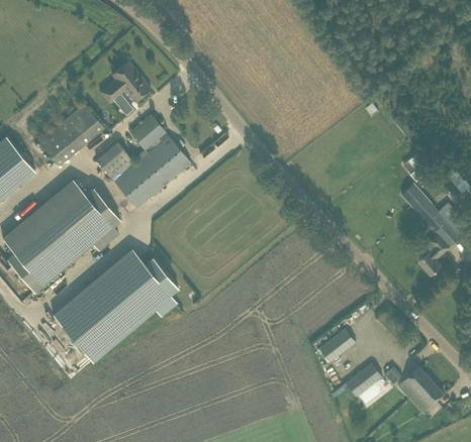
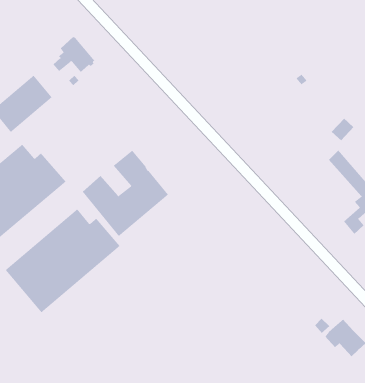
building: [96,115,190,209] -> [82,150,169,237]
building: [319,329,357,364] -> none
building: [347,364,383,399] -> none

